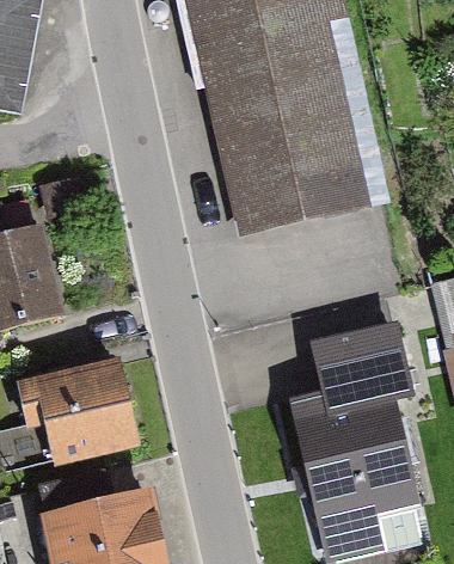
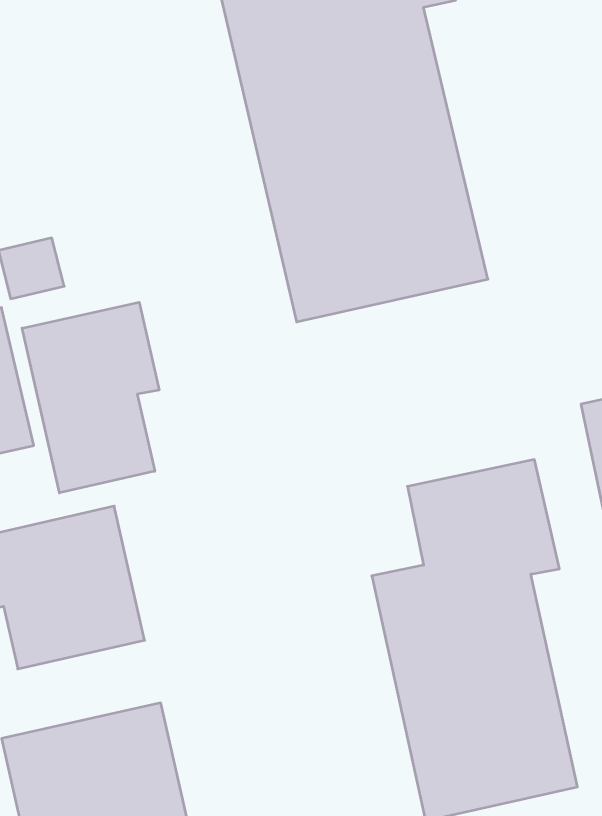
building: none -> [22,302,159,493]

